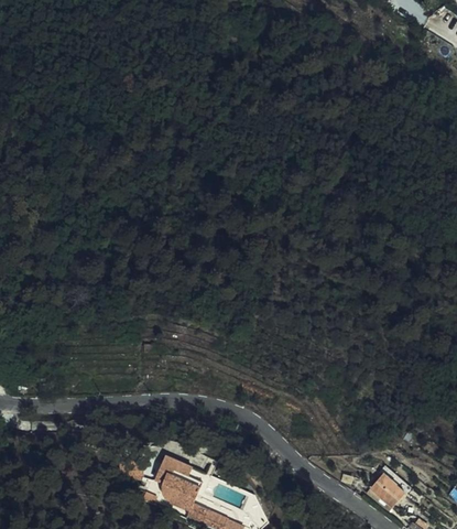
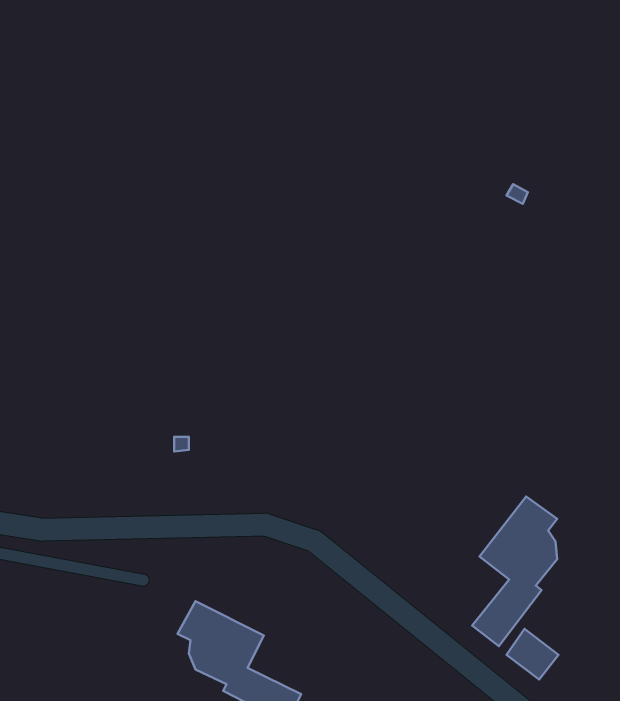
building: none -> [472,497,557,646]

